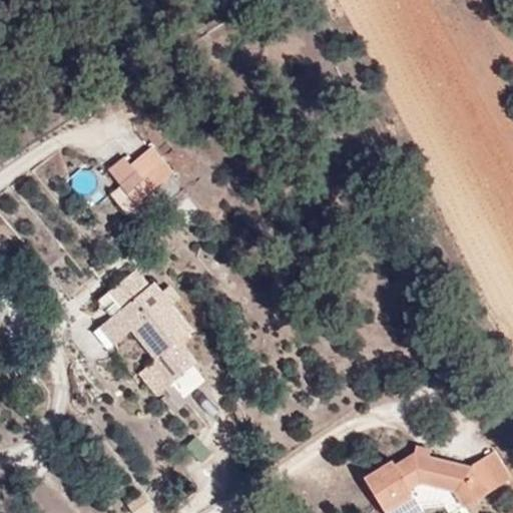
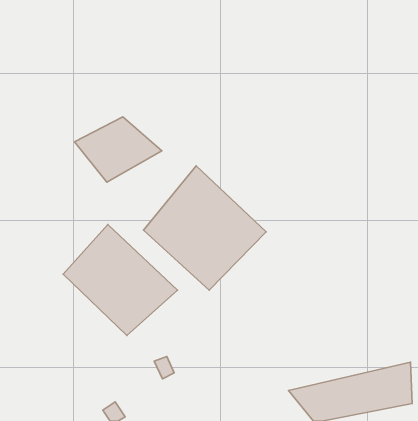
building: none -> [143,166,266,290]

